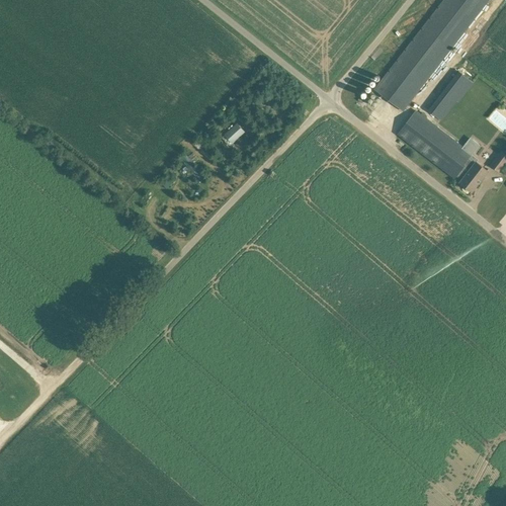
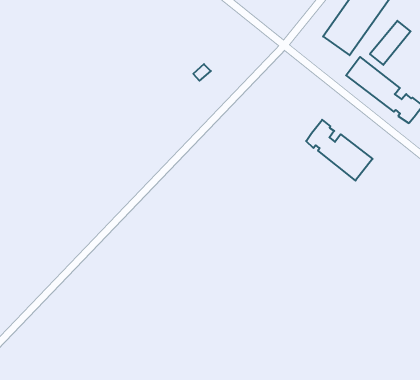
building: none -> [306,120,373,181]

